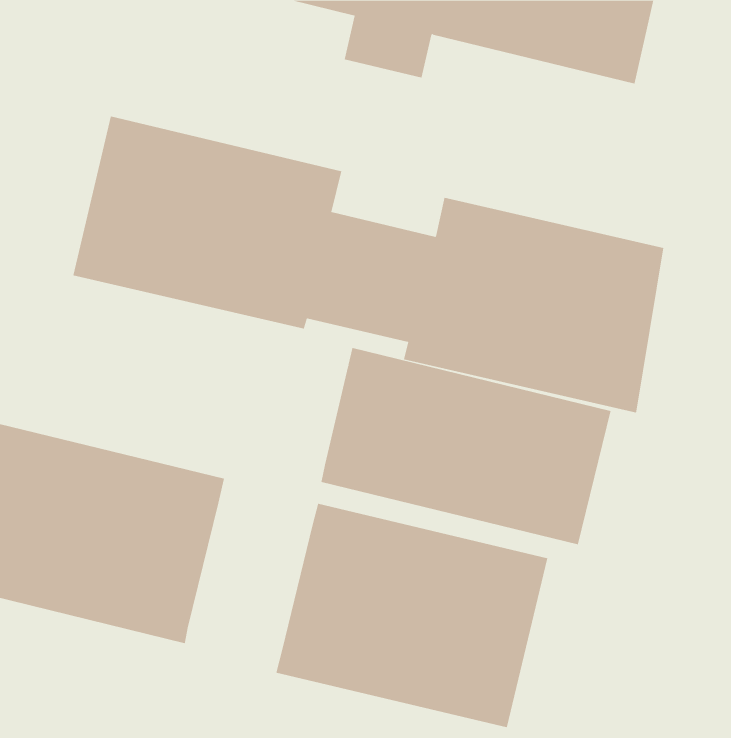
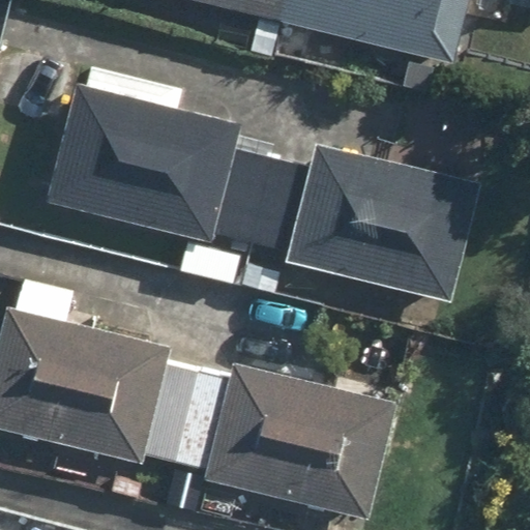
building: [321,347,611,545] -> none
building: none -> [135,361,223,466]

